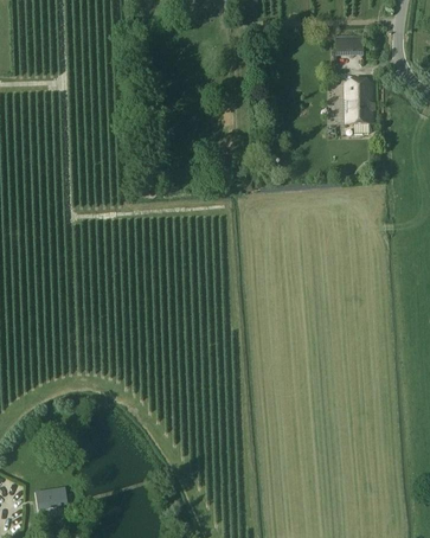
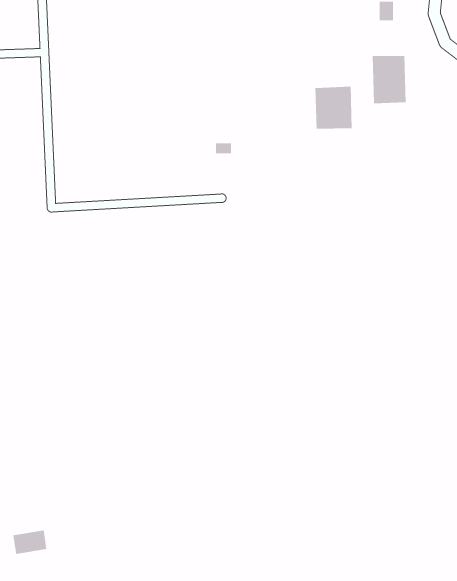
building: none -> [315,86,352,129]

